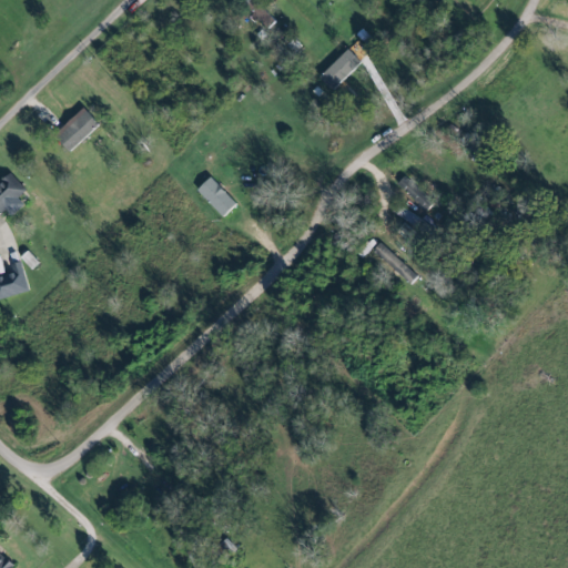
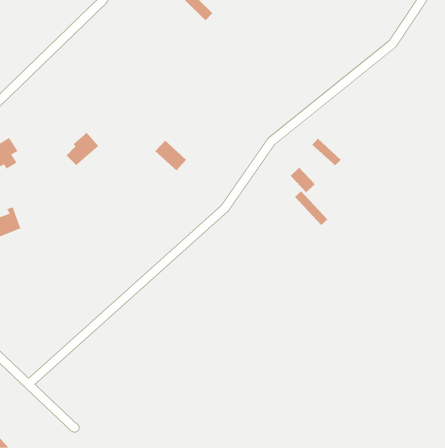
building: [318,47,361,90] -> none
building: [57,106,99,150] -> [66,132,99,166]
building: none -> [290,167,315,193]

